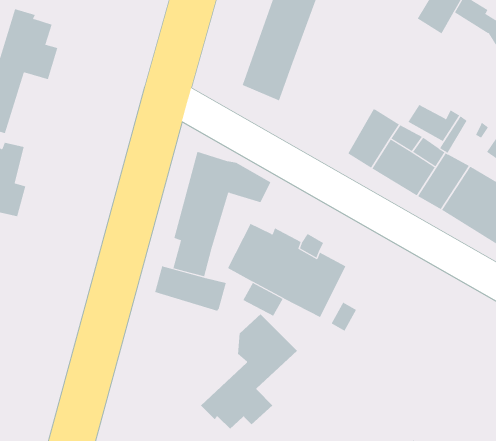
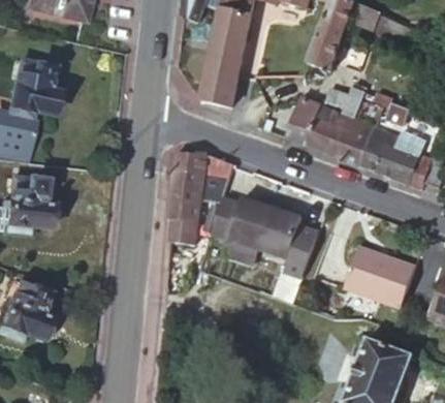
building: none -> [308,25,342,72]
building: [155,266,226,311] -> none
building: [200,313,298,429] -> none
building: none -> [344,246,416,310]

